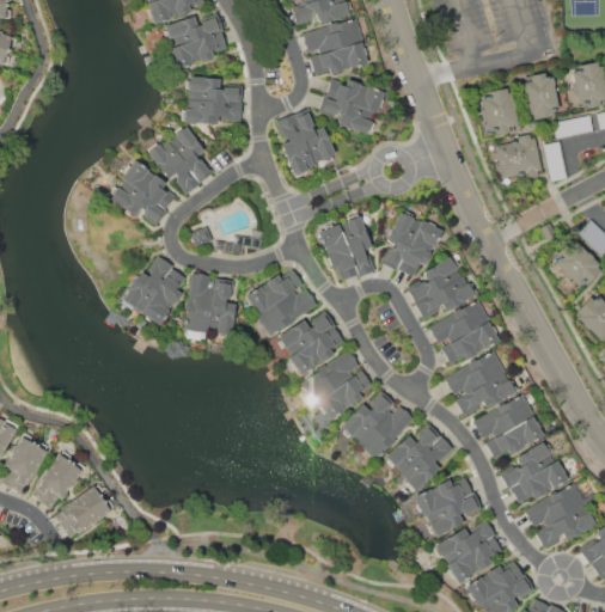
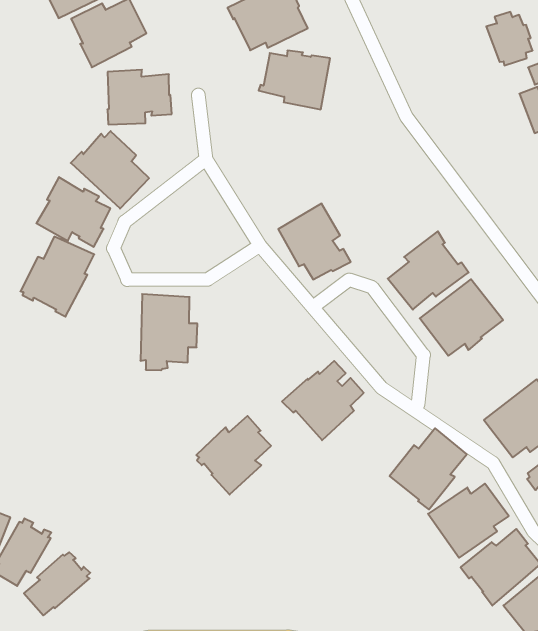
building: [482,87,518,134] -> none
building: [276,106,336,176] -> none
building: [495,137,543,179] -> none
building: [381,208,442,277] -> none
building: [122,256,190,326] -> [20,237,94,317]
building: [243,269,317,336] -> none
building: [277,311,343,377] -> [196,416,271,495]
building: [444,349,518,415] -> none
building: [340,391,414,460] -> none

